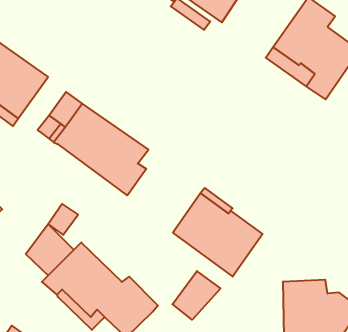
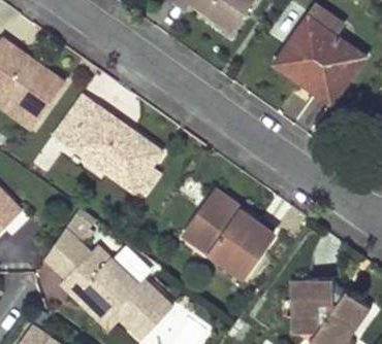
building: [172,271,220,320] -> none

